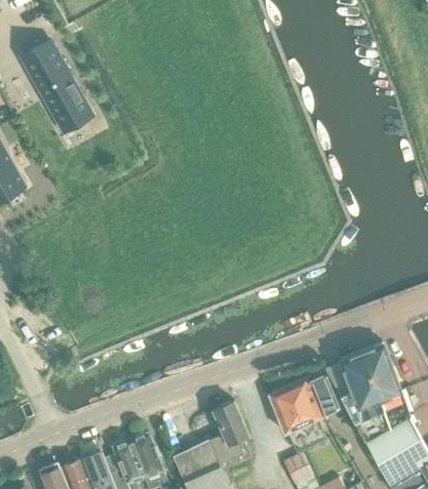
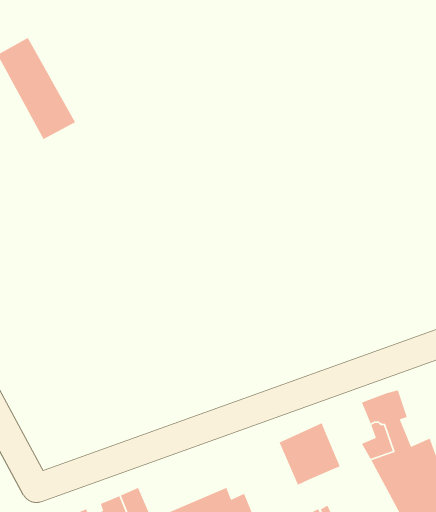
building: [373,344,400,398] -> none
building: [309,377,340,416] -> none
building: [212,401,248,444] -> none

